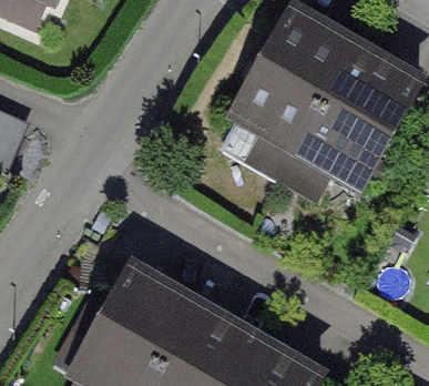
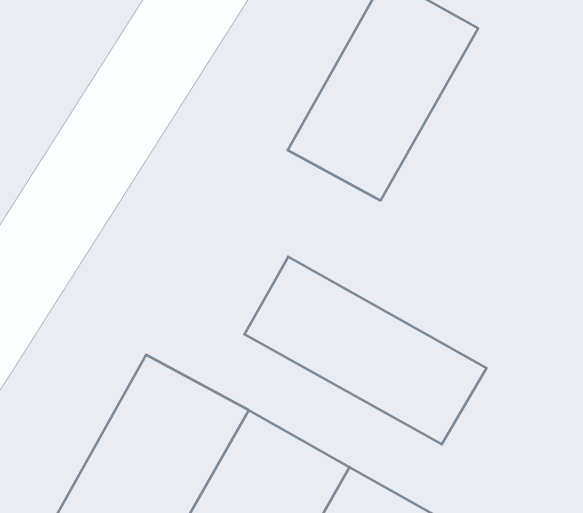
building: [287,43,416,196] -> none
building: none -> [244,257,486,444]

